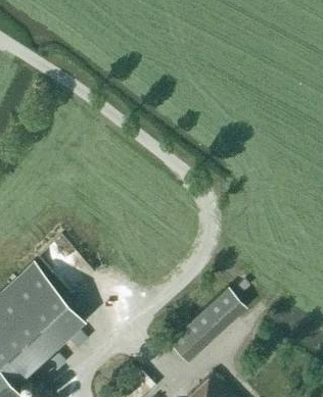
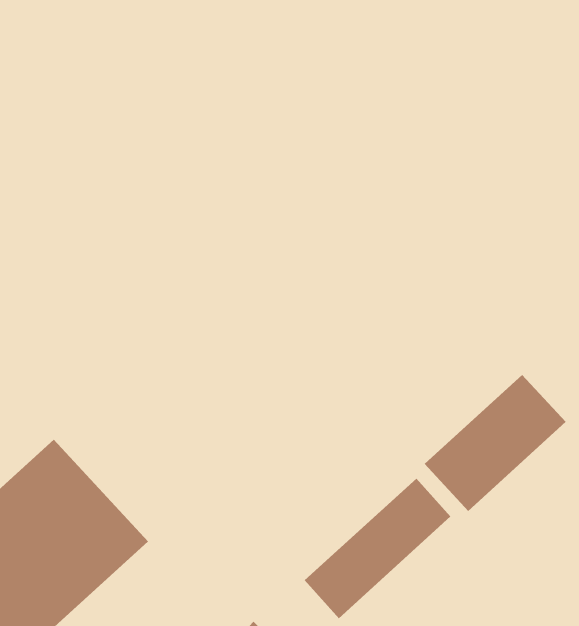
building: none -> [424,374,566,512]

